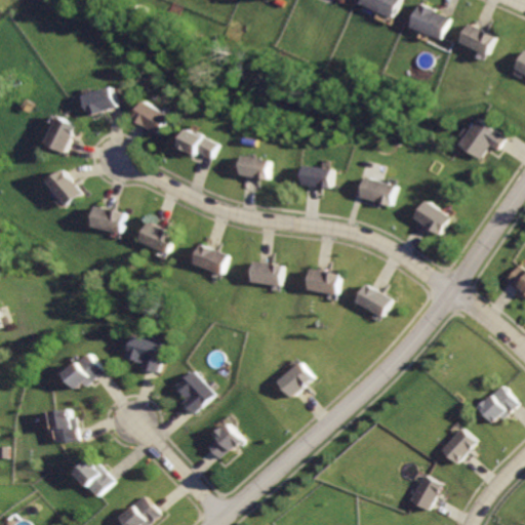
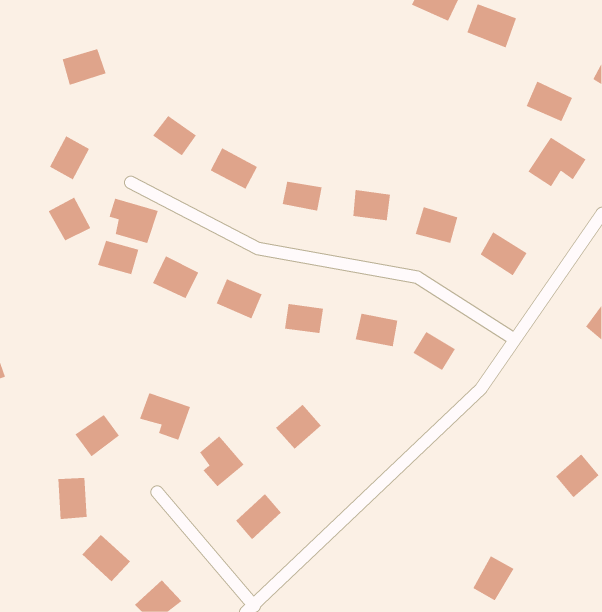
building: [453,21,493,55] -> [526,81,573,122]
building: [83,86,121,118] -> [62,48,106,86]
building: none -> [109,198,159,244]
building: [273,362,313,401] -> [275,404,322,449]
building: [435,427,475,468] -> none

